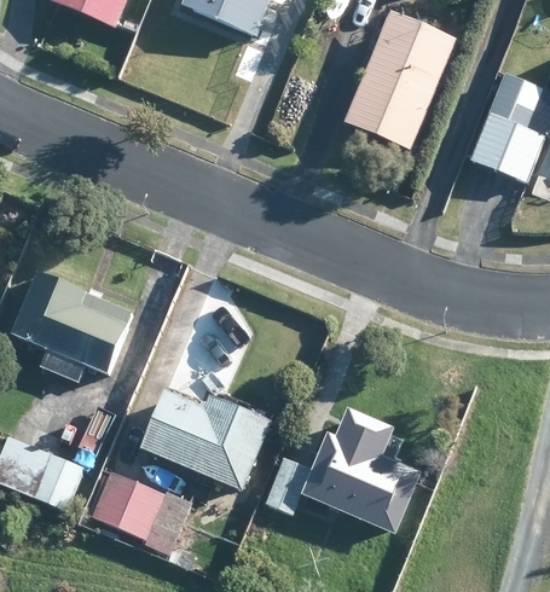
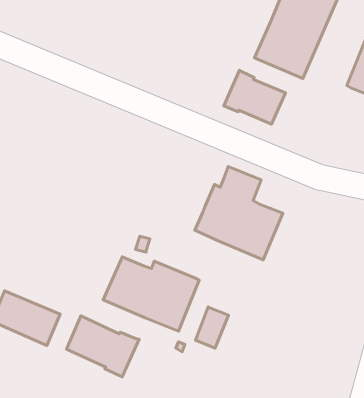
building: none -> [224,70,286,124]
building: [11,271,133,381] -> none
building: [302,407,421,533] -> [195,167,283,260]

